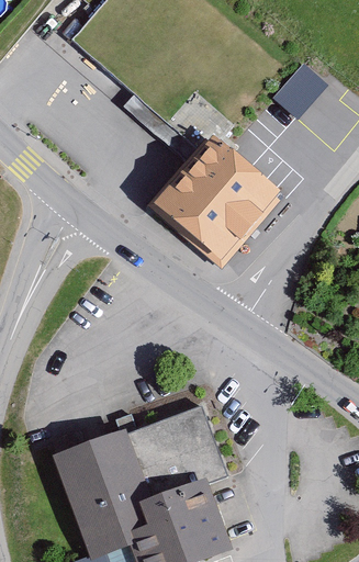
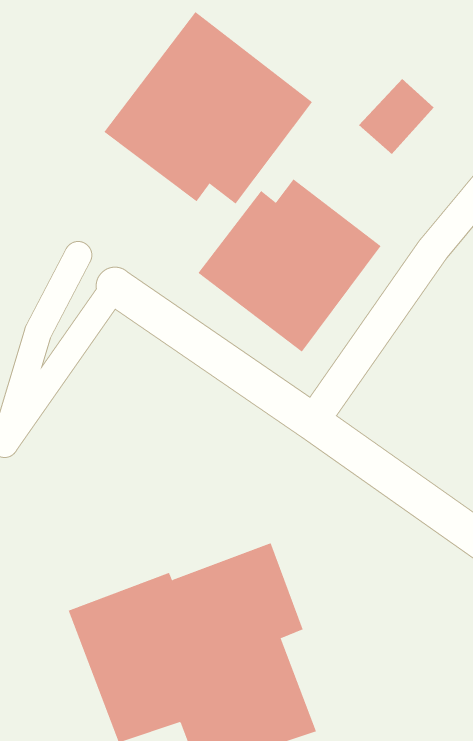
building: none -> [104,11,313,205]

